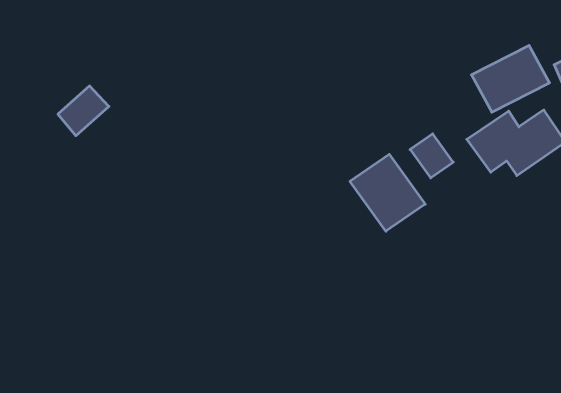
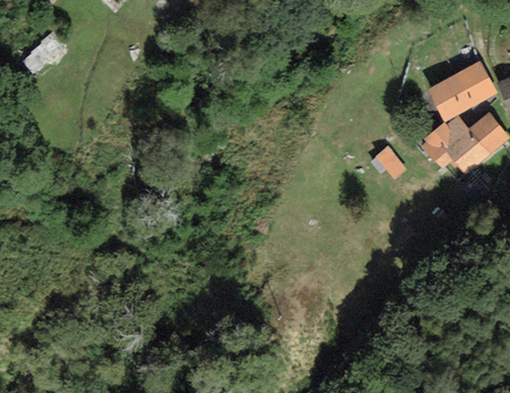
building: [58,86,109,136] -> [17,29,63,74]
building: [350,154,425,231] -> none

